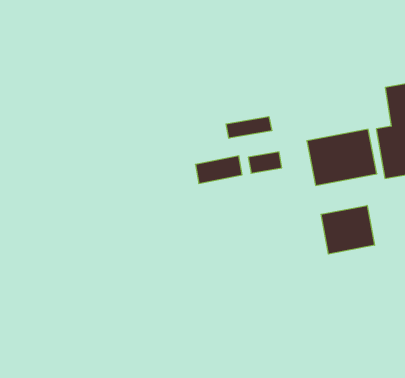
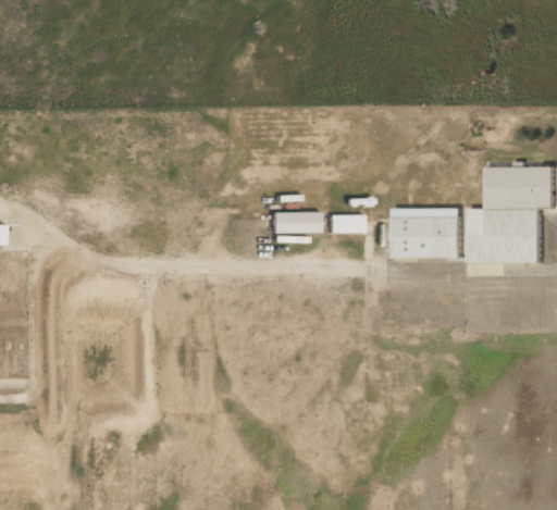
building: [226,117,272,138] -> none
building: [321,205,375,254] -> none

